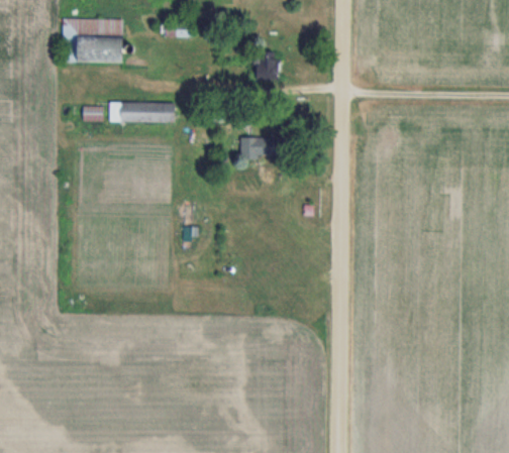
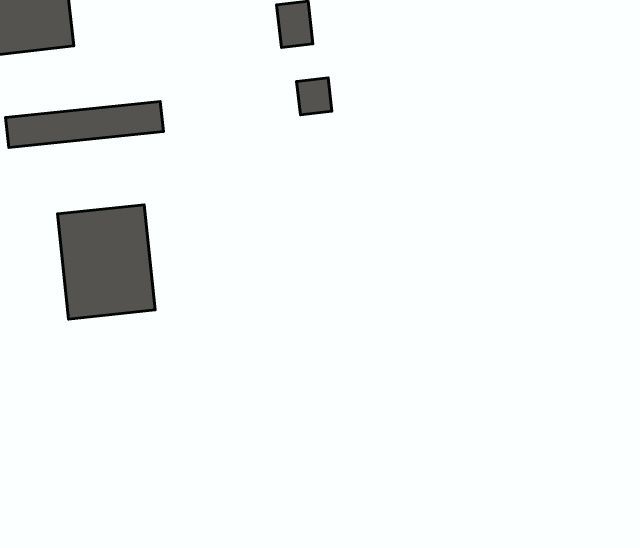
building: [242,138,263,159] -> [297,78,332,115]
building: none -> [58,205,155,319]

